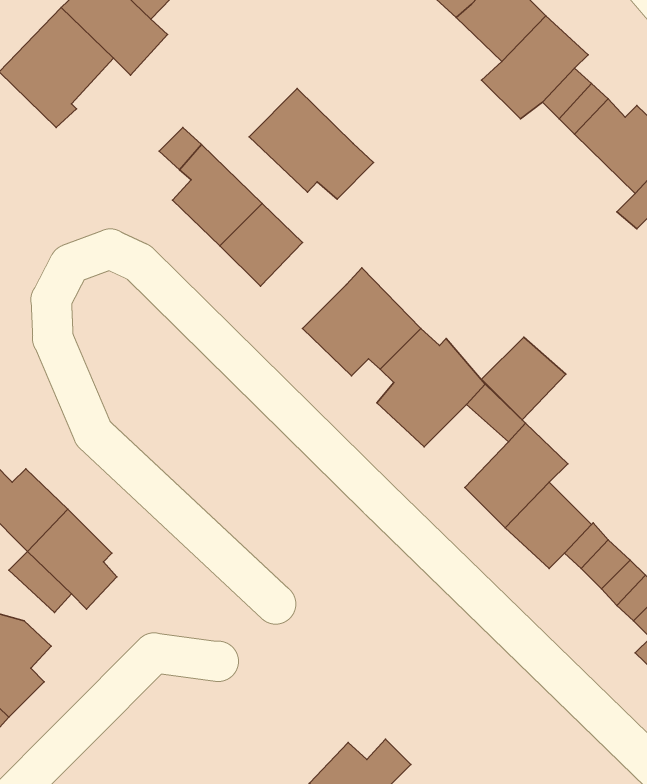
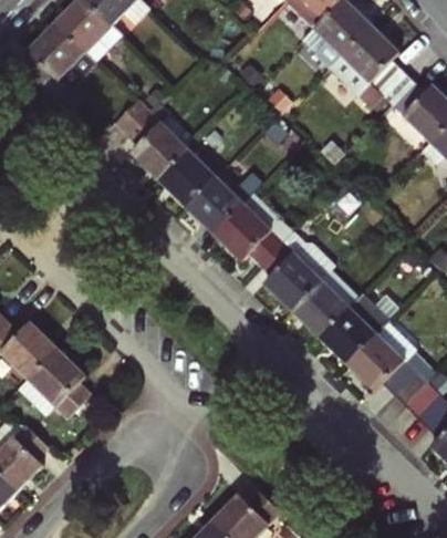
building: [249,88,373,199] -> none
building: none -> [184,174,240,230]
building: [482,337,566,420] -> [291,280,346,334]

